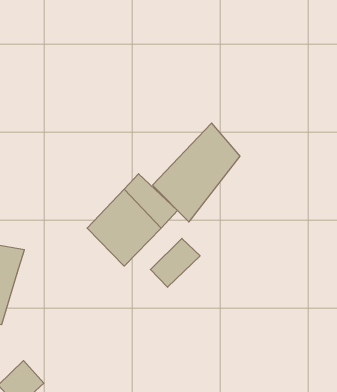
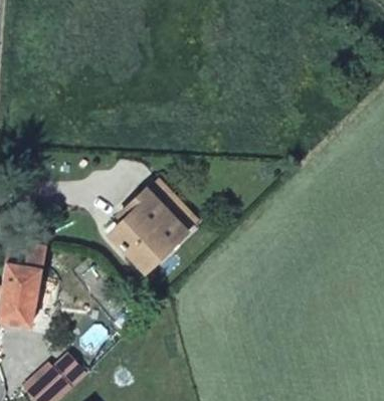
building: [153,123,240,222] -> none
building: [150,238,200,287] -> none

